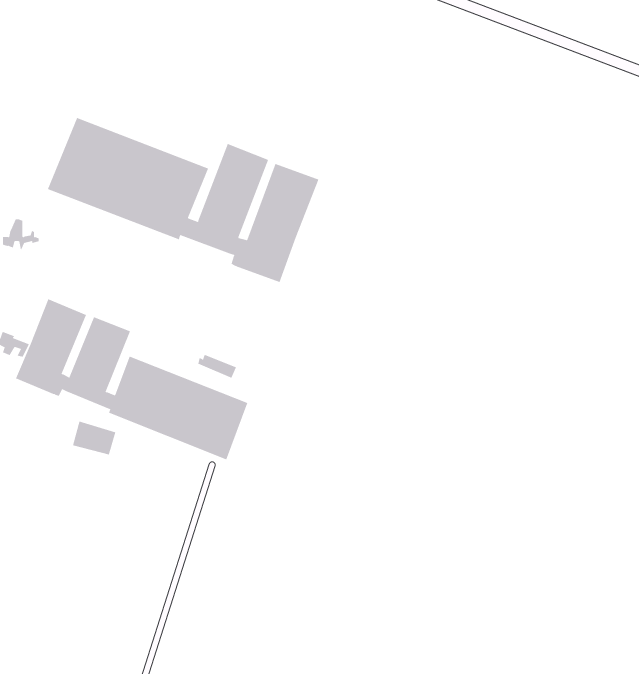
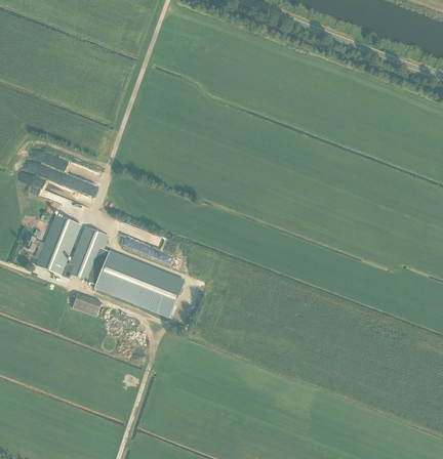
building: [47,117,319,283] -> none

